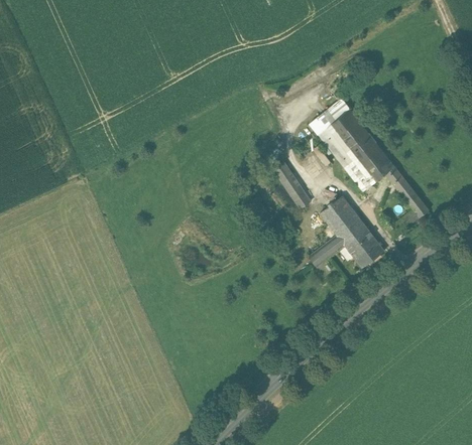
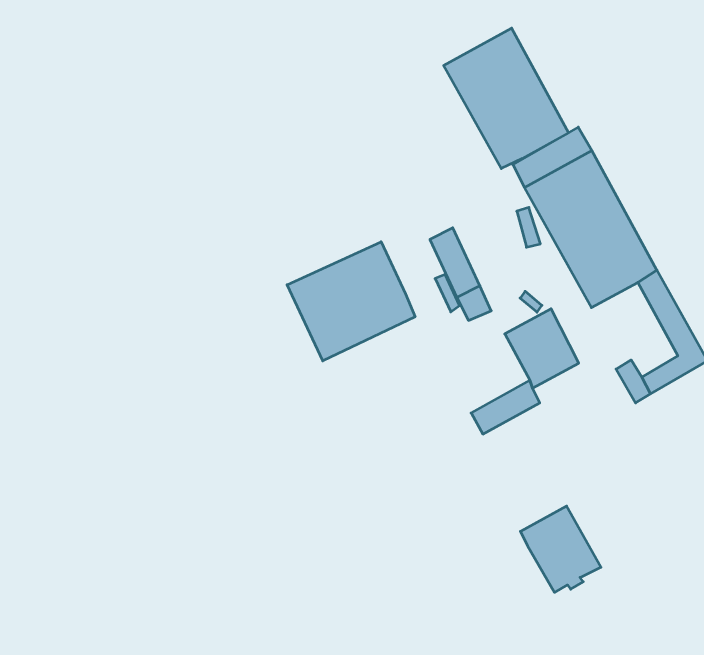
building: none -> [444,28,569,169]
building: none -> [287,242,415,361]
building: [340,221,385,268] -> [520,506,601,592]

